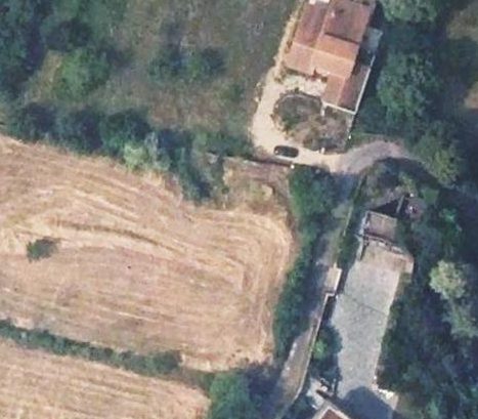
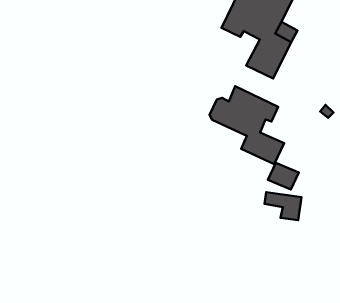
building: none -> [210,86,284,164]

